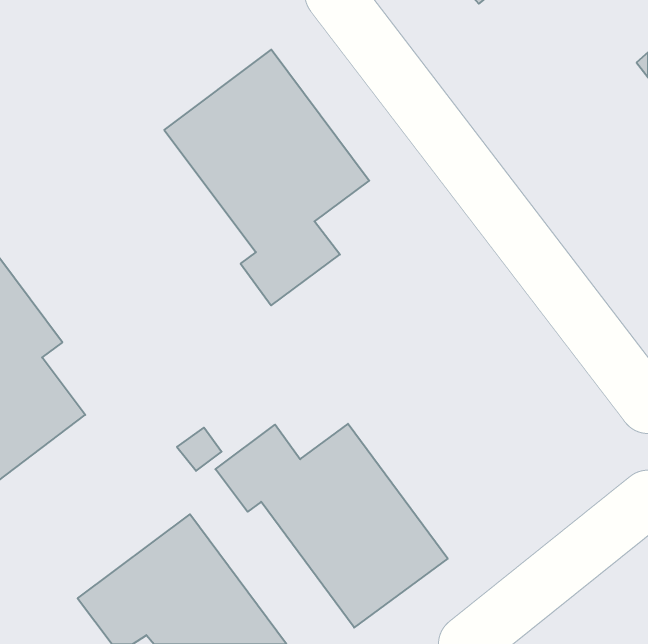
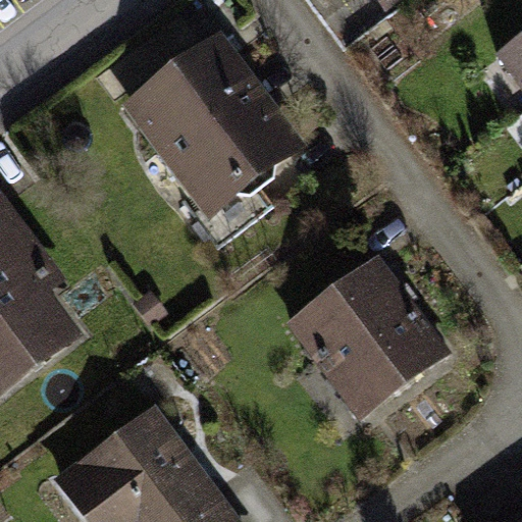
building: none -> [291,258,437,404]
building: [215,424,448,628] -> none

